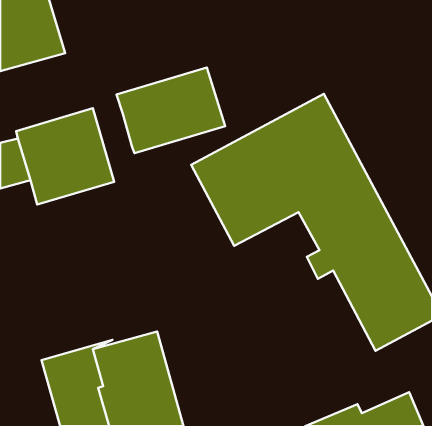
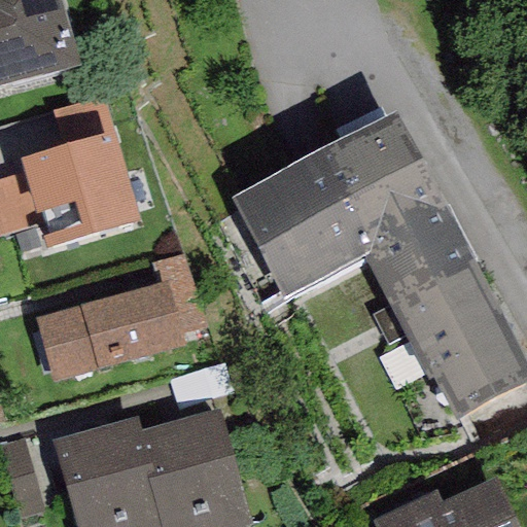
building: [116,68,225,153] -> none
building: none -> [35,280,183,381]

